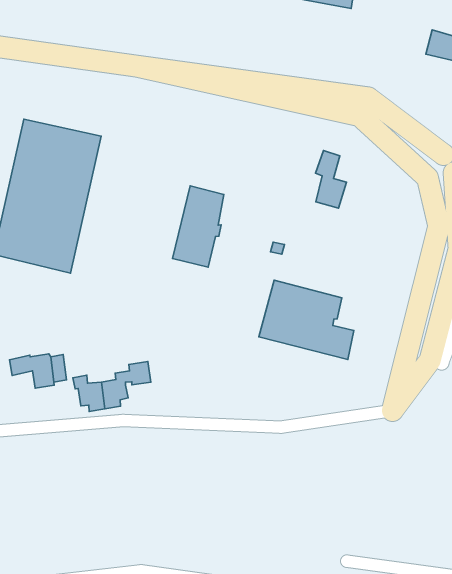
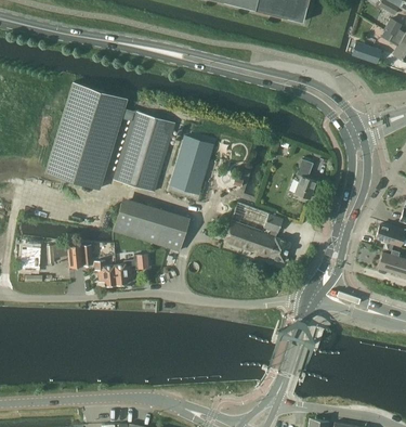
building: [316,151,346,208] -> [294,159,316,199]
building: none -> [114,113,174,193]
building: none -> [113,205,187,253]

